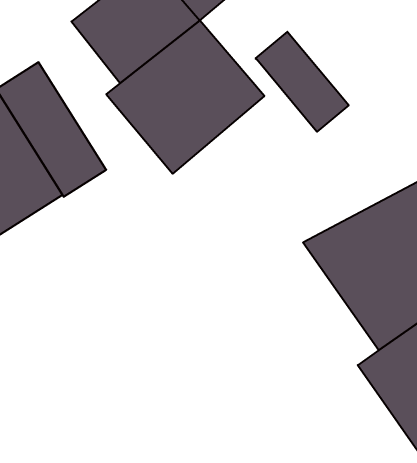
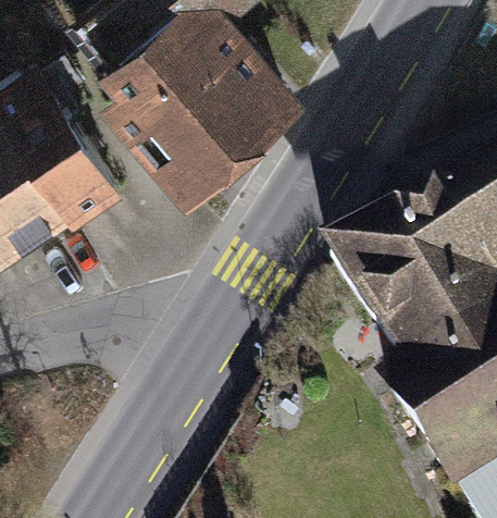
building: [256,32,349,132] -> none

